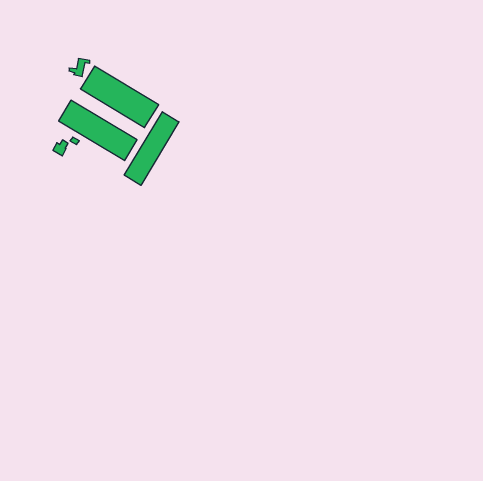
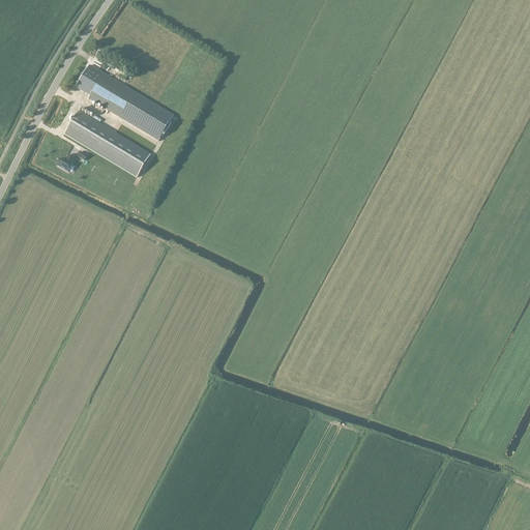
building: [124,112,179,185] -> none

